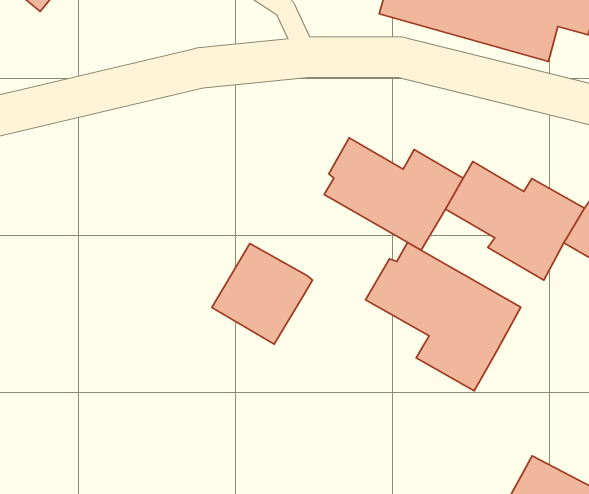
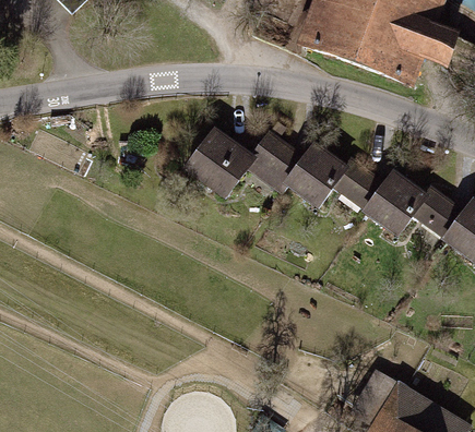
building: [366,242,521,391] -> none
building: [212,243,312,344] -> [183,128,256,200]

